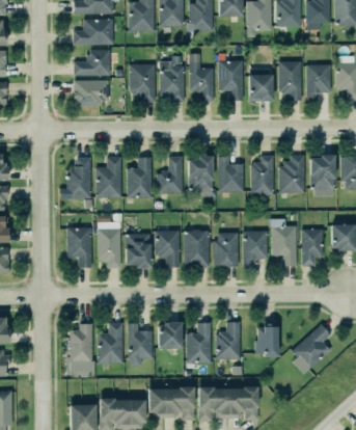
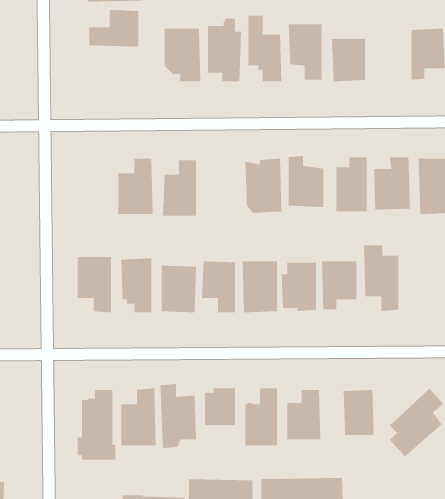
building: [279,61,302,102] -> none
building: [74,80,110,107] -> none
building: [156,157,182,193] -> none
building: [67,158,91,199] -> none
building: [302,230,324,267] -> none

